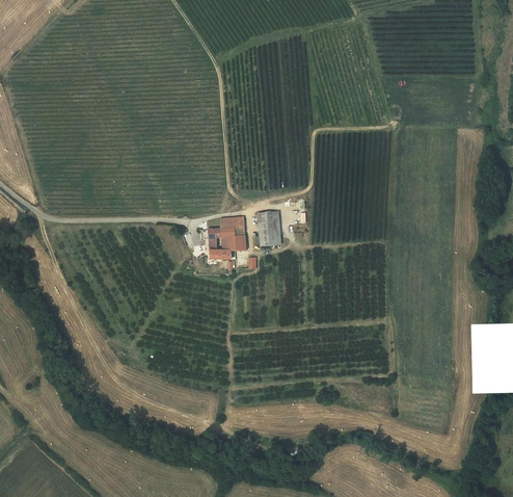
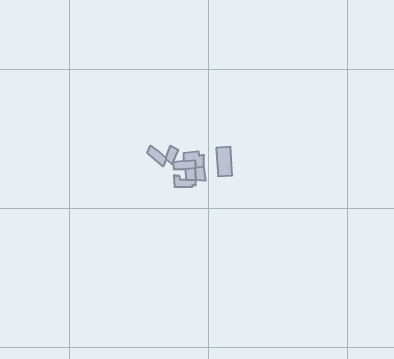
building: none -> [147,146,178,166]

